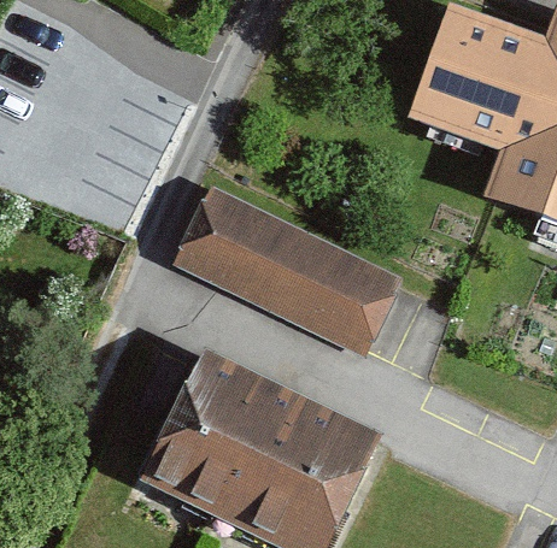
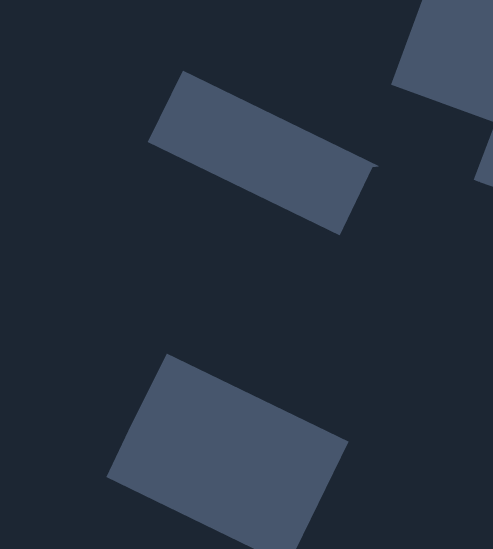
building: [180,188,401,346] -> [147,70,381,236]

